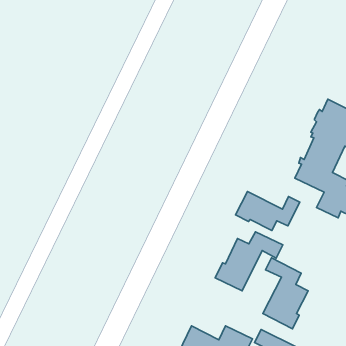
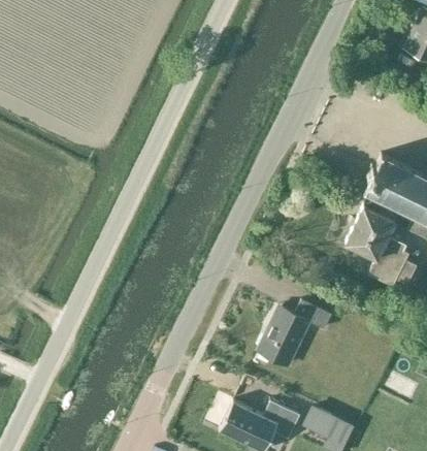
building: [235,191,300,231] -> none
building: [263,258,308,329] -> none

